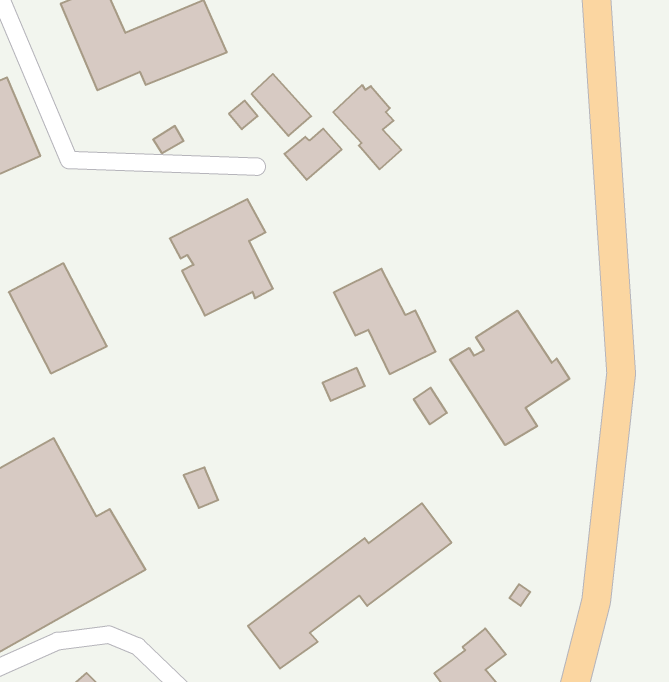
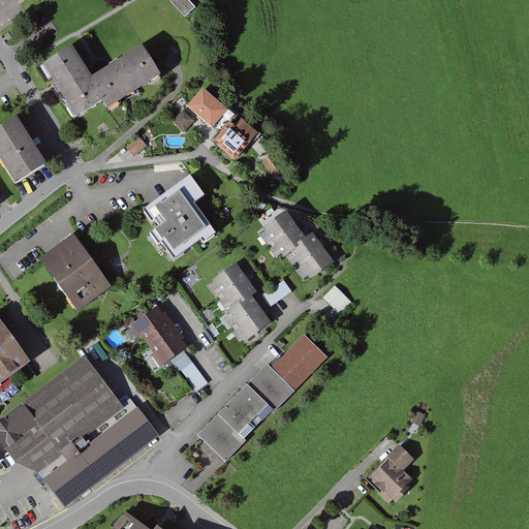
building: [333,85,401,169] -> none
building: [450,311,569,445] -> none
building: none -> [210,262,271,340]
building: none -> [131,304,187,363]
building: [248,503,451,669] -> [196,334,325,459]

